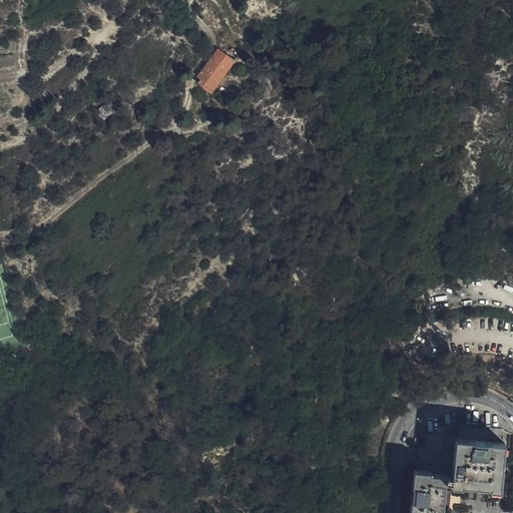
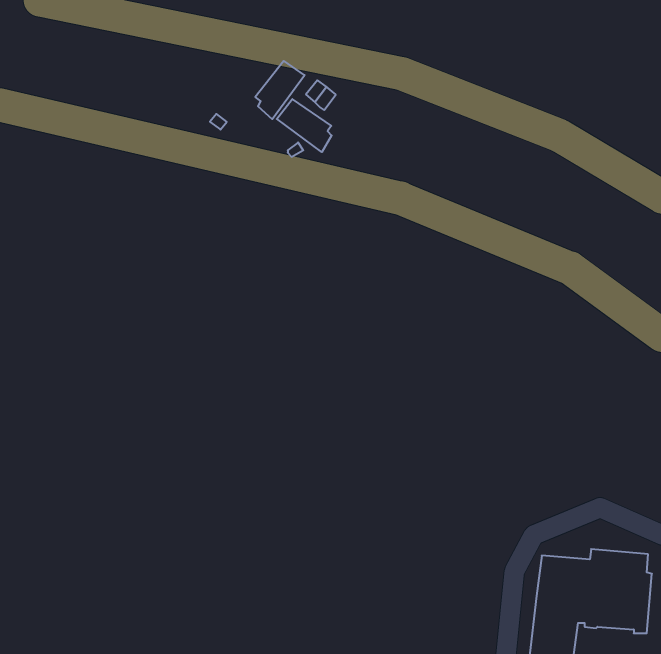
building: none -> [277,99,332,152]

